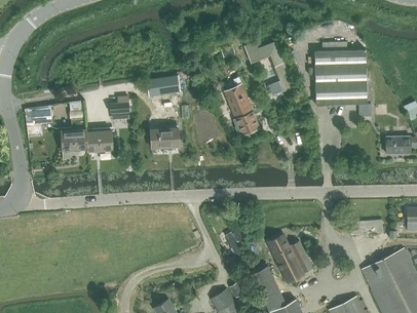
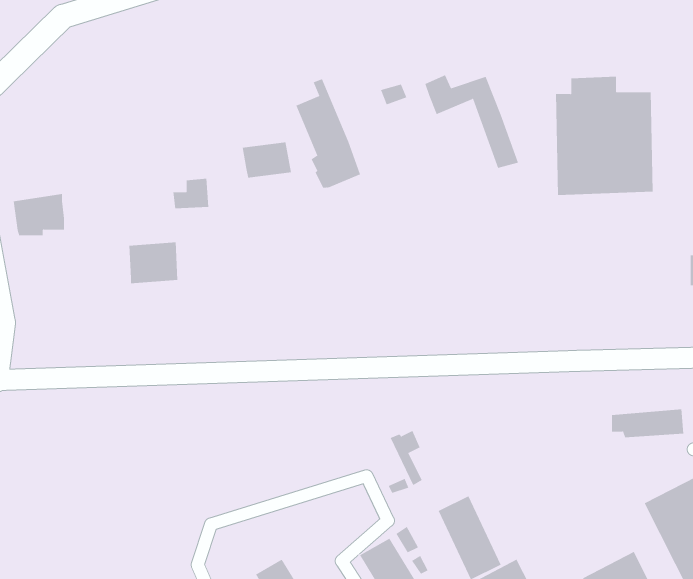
building: [224,77,259,135] -> [295,78,361,188]
building: [150,128,180,149] -> none
building: [61,129,87,152] -> none
building: [267,234,313,283] -> none

